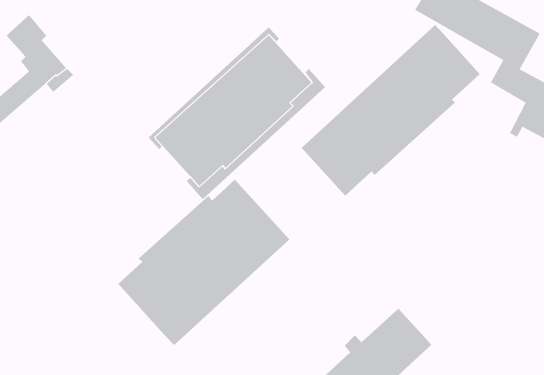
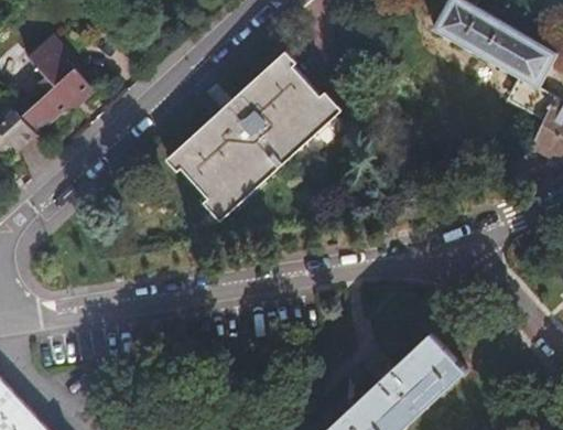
building: [301,24,481,196] -> none
building: [118,179,290,346] -> none

